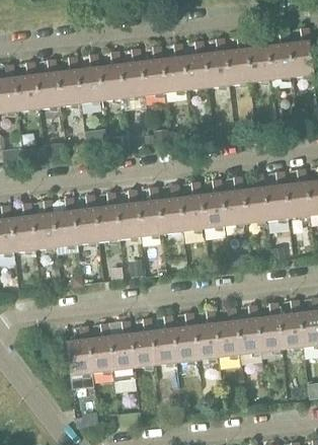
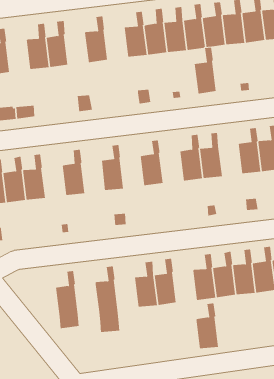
building: [122,48,147,97] -> none
building: [79,53,104,102] -> none
building: [16,60,42,110] -> none
building: [245,172,269,223] -> [194,47,217,94]
building: [181,180,207,230] -> none
building: [139,186,164,236] -> none
building: [97,191,122,241] -> none
building: [55,196,80,246] -> none
building: [195,309,221,359] -> [195,303,219,349]
building: [133,316,158,367] -> none
building: [90,321,115,372] -> none

